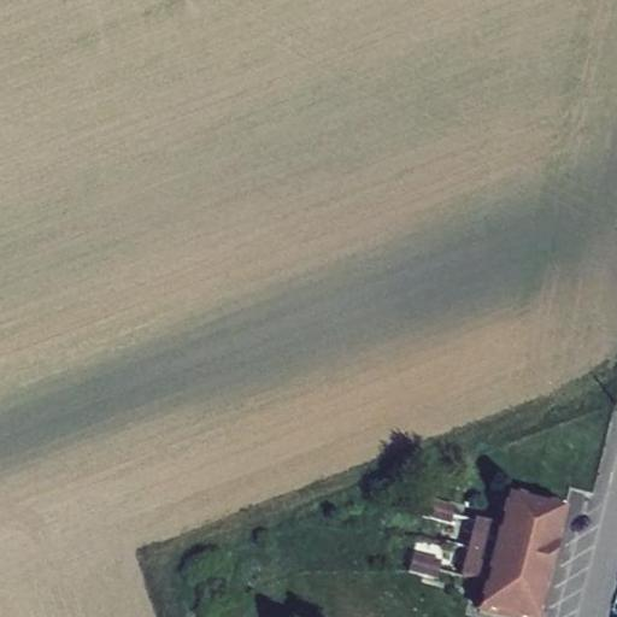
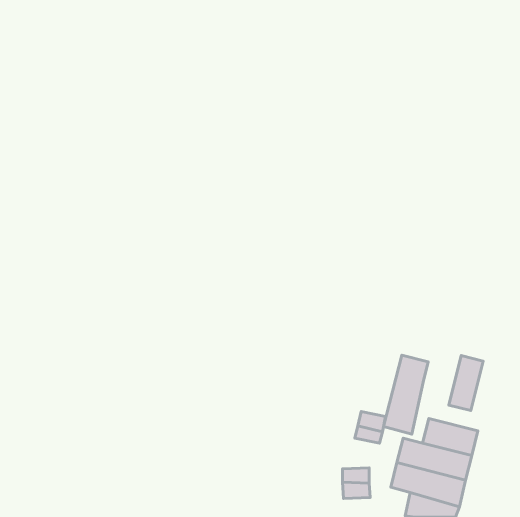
building: none -> [384,355,428,434]
building: none -> [449,356,483,411]

